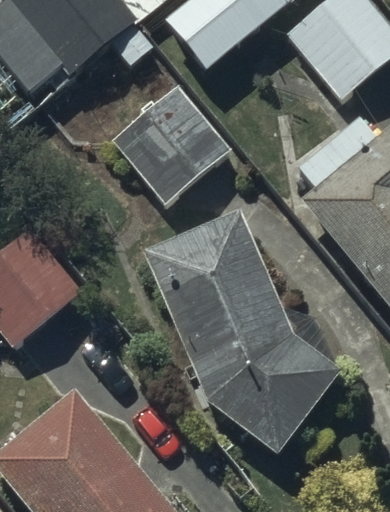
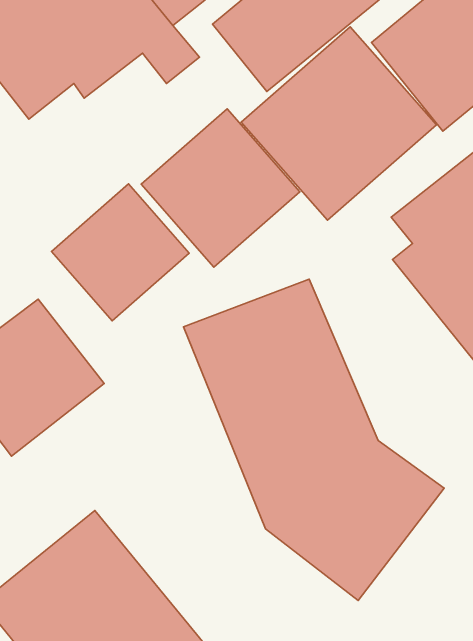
building: none -> [241,27,436,220]
building: none -> [51,184,189,321]

